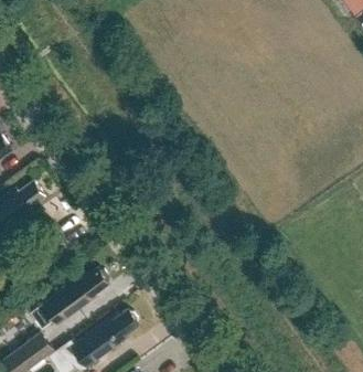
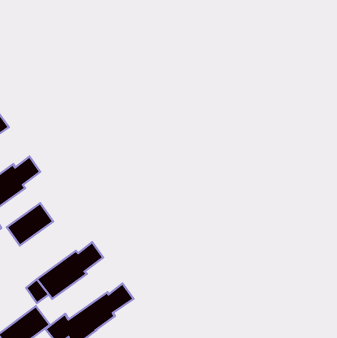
building: none -> [7,203,53,246]

